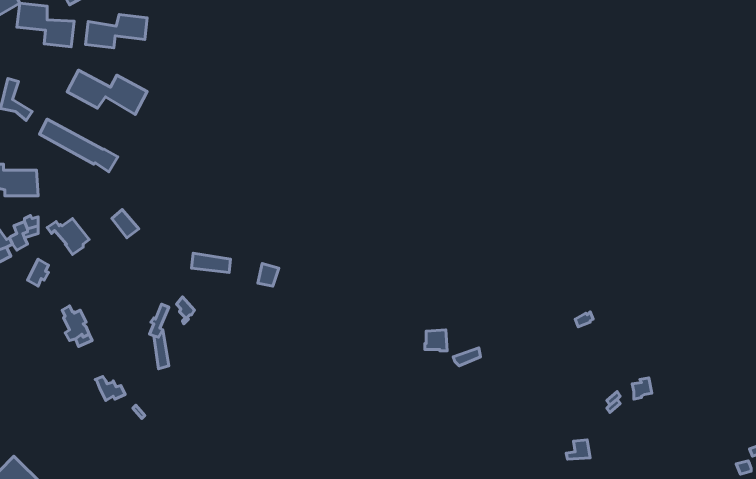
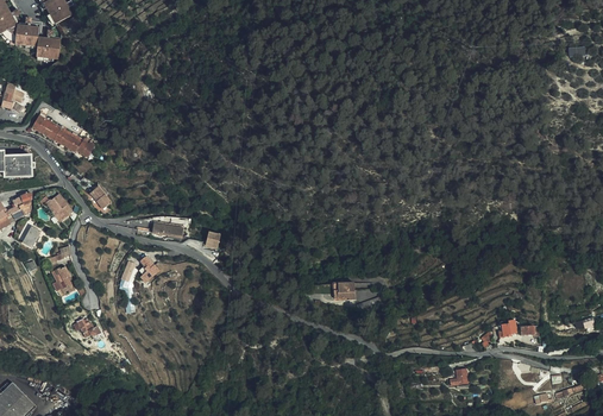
building: [86,14,147,48] -> none
building: [67,70,147,114] -> none

